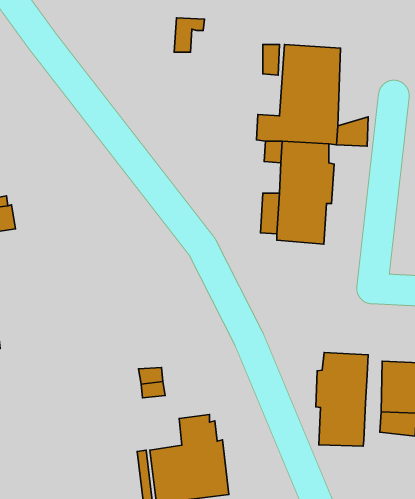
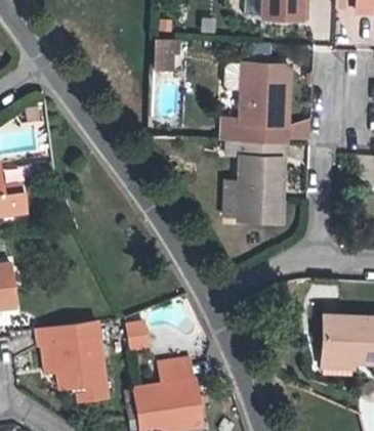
building: [316,353,368,446] -> none
building: none -> [37,319,107,398]

